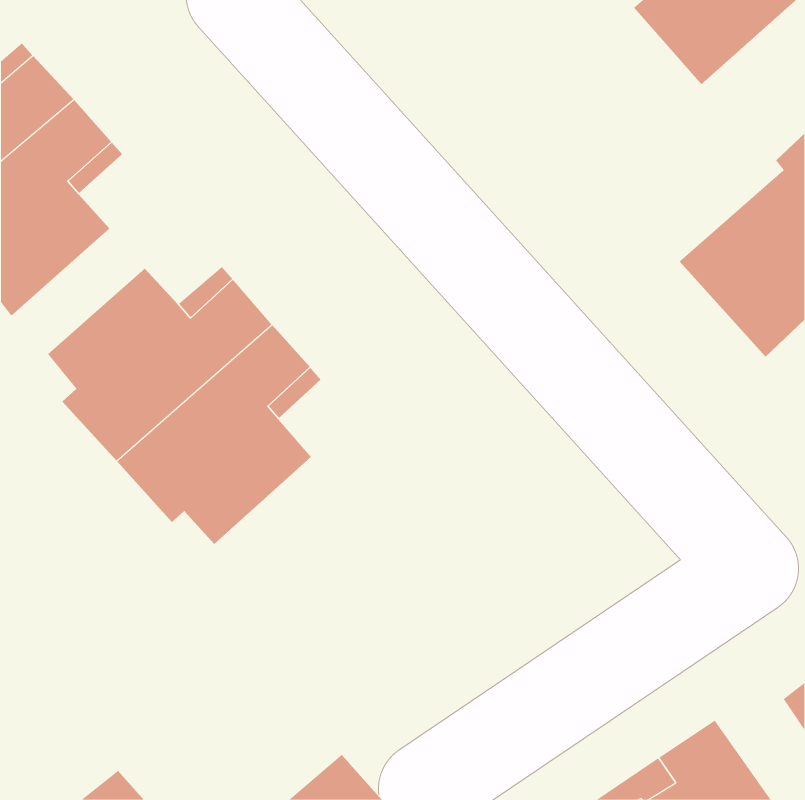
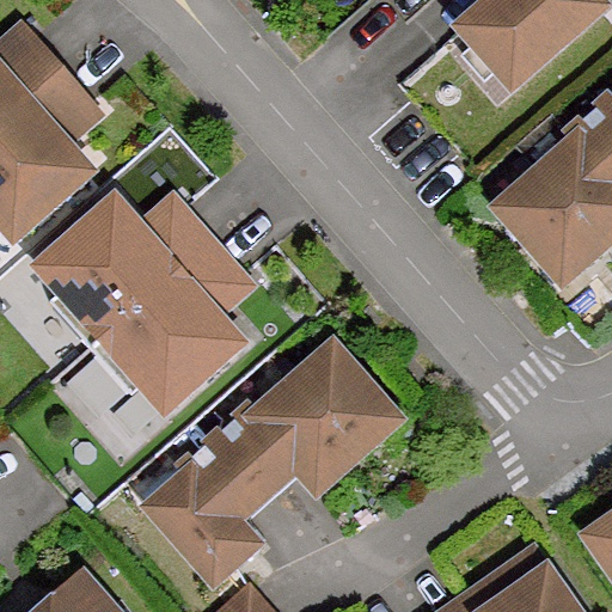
building: none -> [146,350,394,586]

